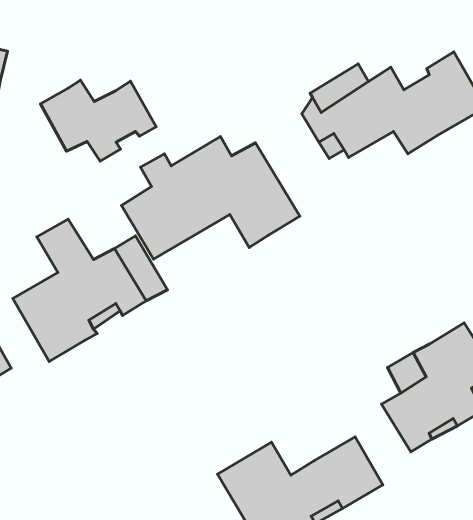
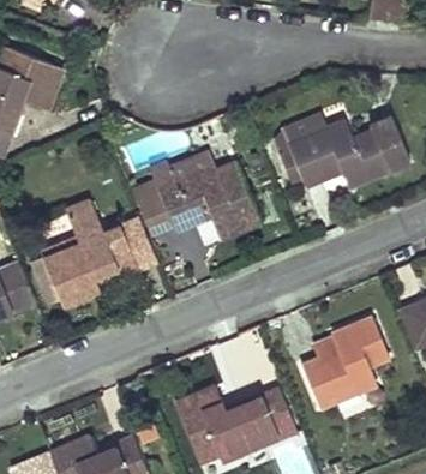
building: [40,80,156,161] -> none

